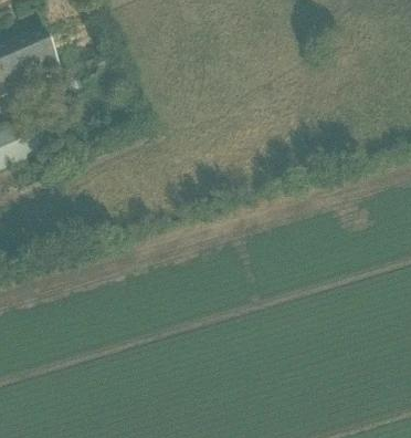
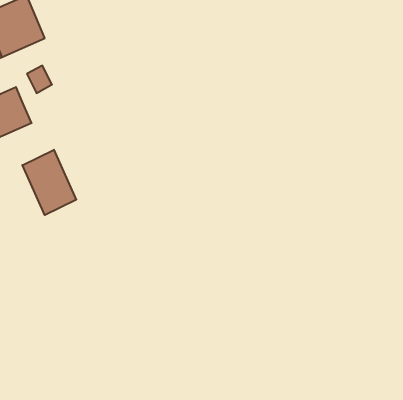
building: none -> [22,150,76,215]

